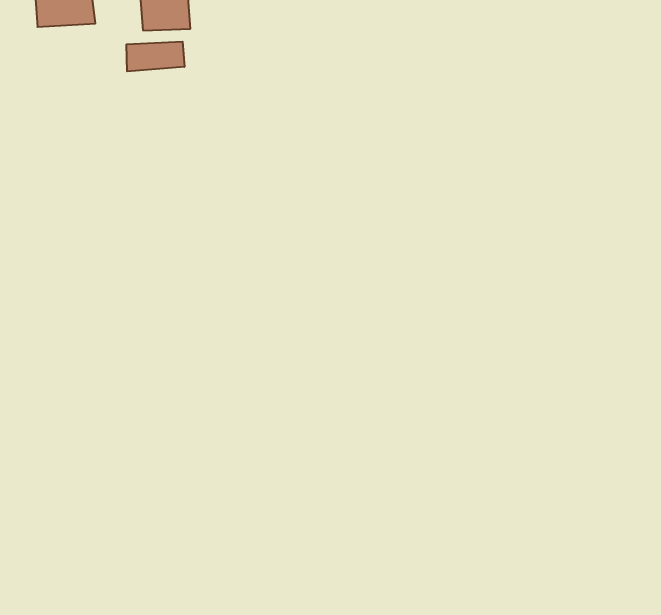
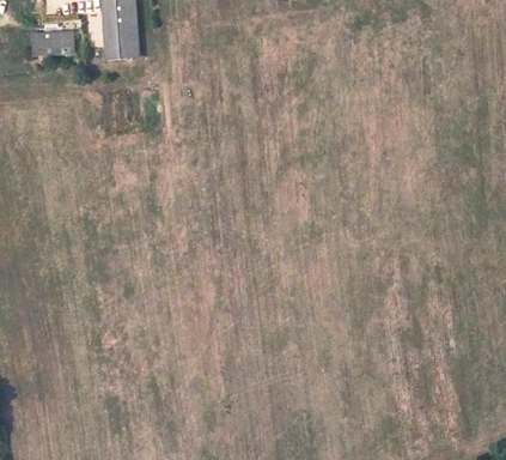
building: [127,42,184,71] -> none

